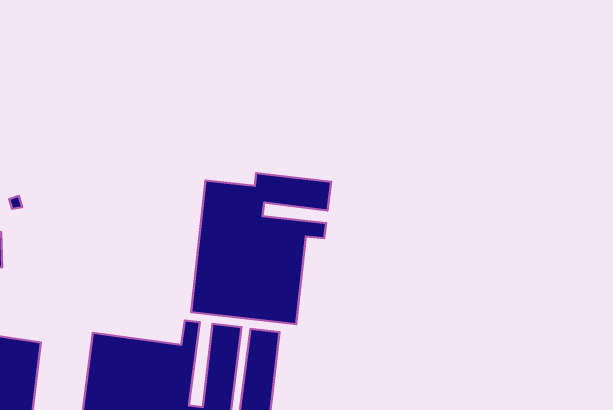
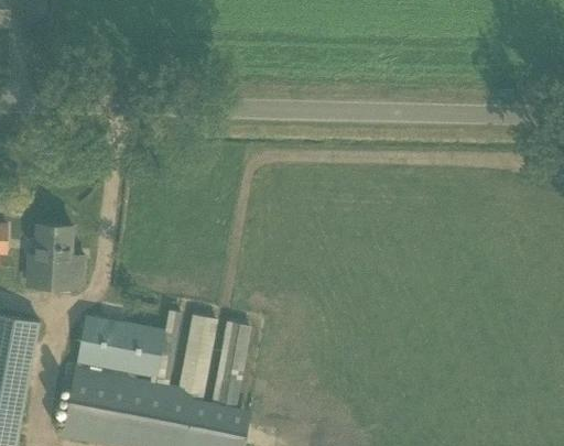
building: [191,173,331,324] -> none
building: none -> [26,226,84,289]

